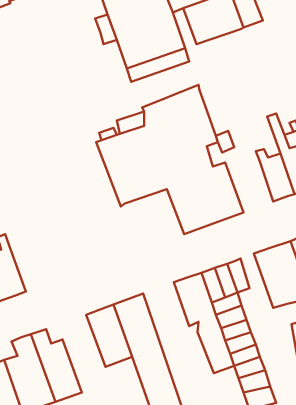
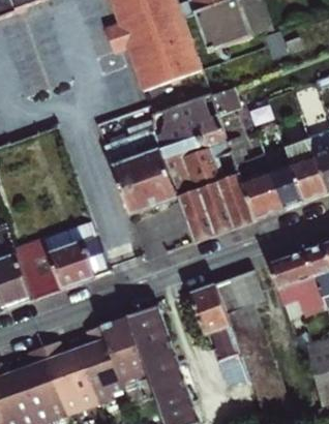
building: none -> [238,168,287,221]
building: none -> [20,235,116,301]
building: none -> [73,325,120,403]

